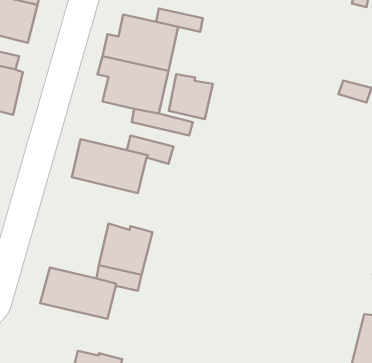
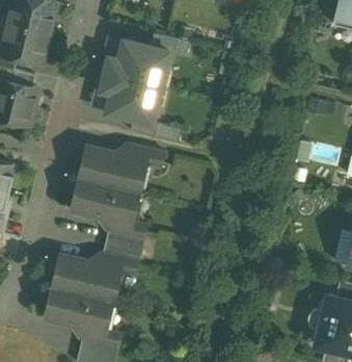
building: [169,74,213,119] -> none
building: none -> [73,178,136,223]
building: none -> [46,285,110,330]

